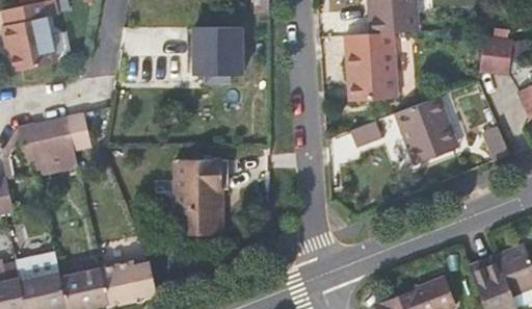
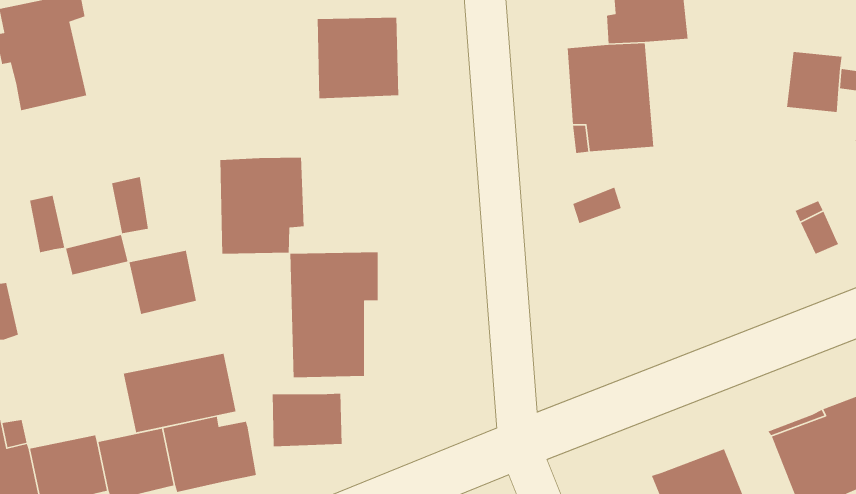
building: [395,96,453,162] -> none
building: none -> [220,157,304,255]
building: [33,118,75,157] -> [128,250,197,315]
building: none -> [123,353,237,433]
building: none -> [272,393,342,447]

